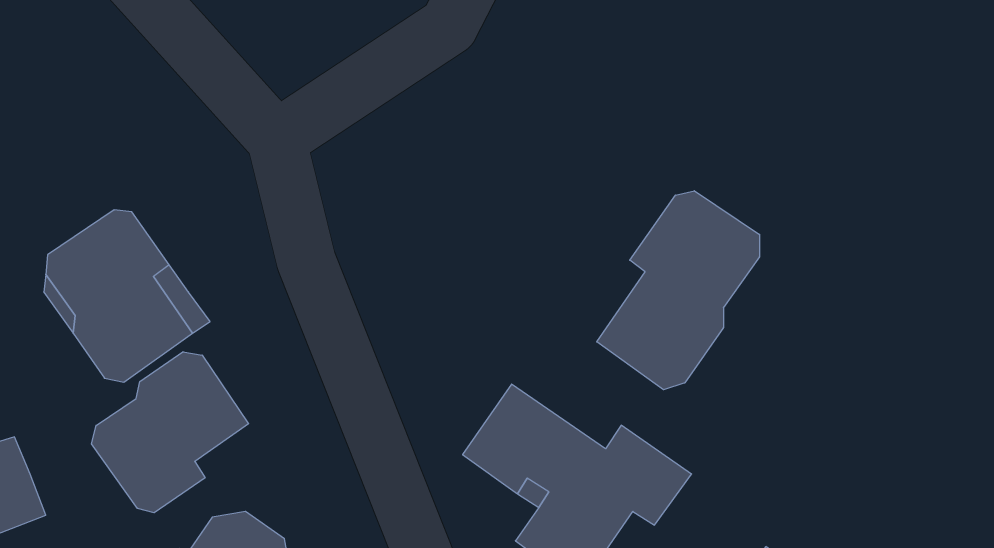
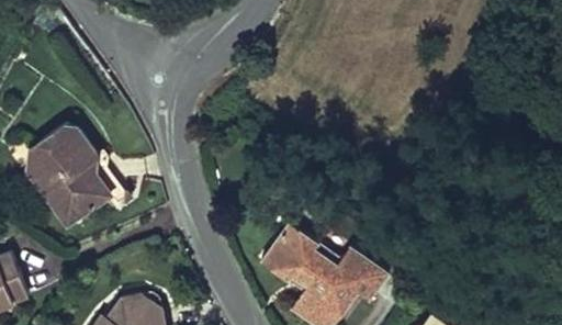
building: [597,191,760,390] -> none
building: [92,352,249,513] -> none

